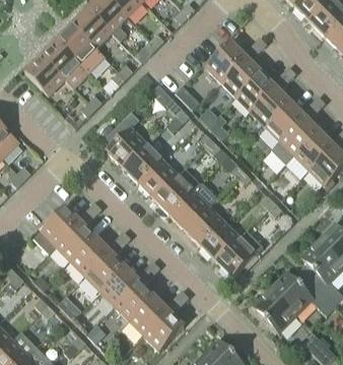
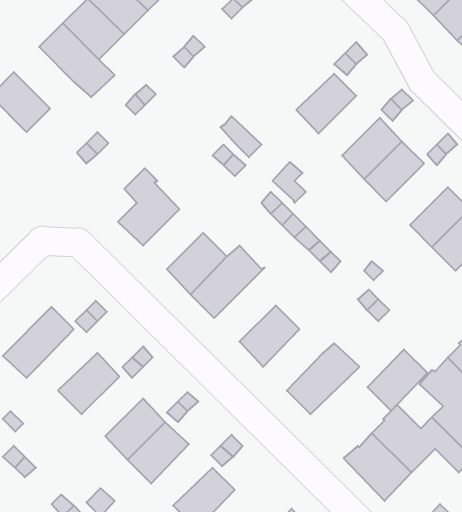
building: [40,40,89,88] -> none
building: [206,41,246,80] -> none
building: [235,71,275,110] -> none
building: [272,115,319,164] -> none
building: [123,144,161,183] -> none
building: [168,182,216,230] -> none
building: [54,222,93,261] -> none
building: [200,222,238,261] -> [367,349,427,411]
building: [83,252,123,291] -> none
building: [128,296,167,336] -> none

